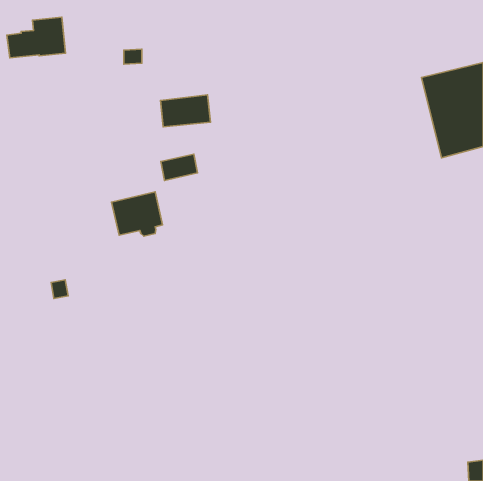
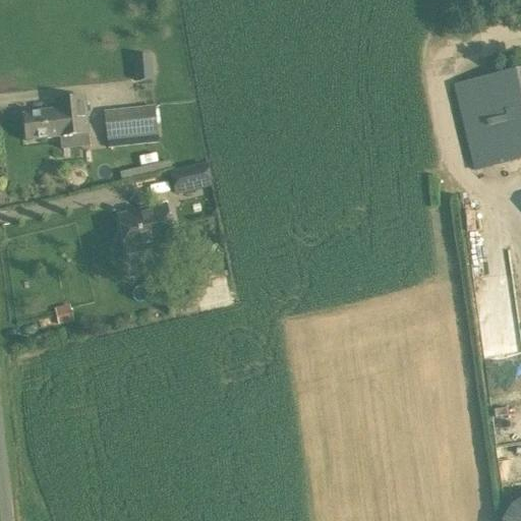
building: [7,17,66,58] -> [26,95,90,138]
building: [160,95,210,127] -> [104,104,158,138]

